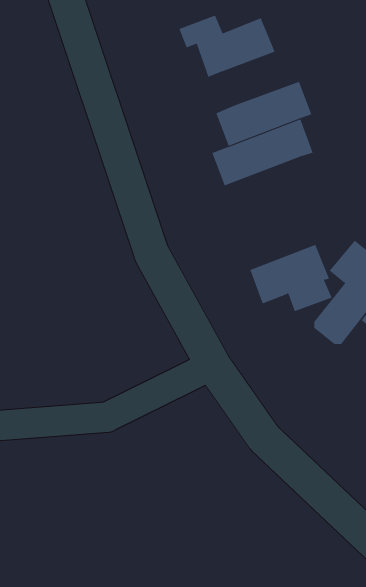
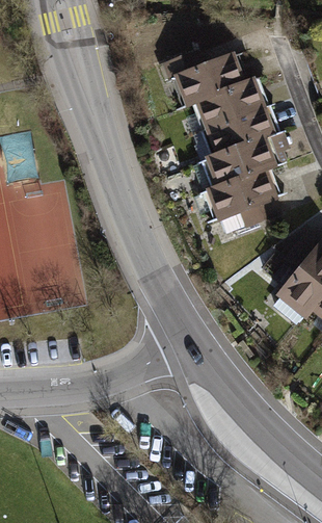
building: none -> [196,77,261,125]
building: [250,244,332,312] -> [208,166,275,221]

